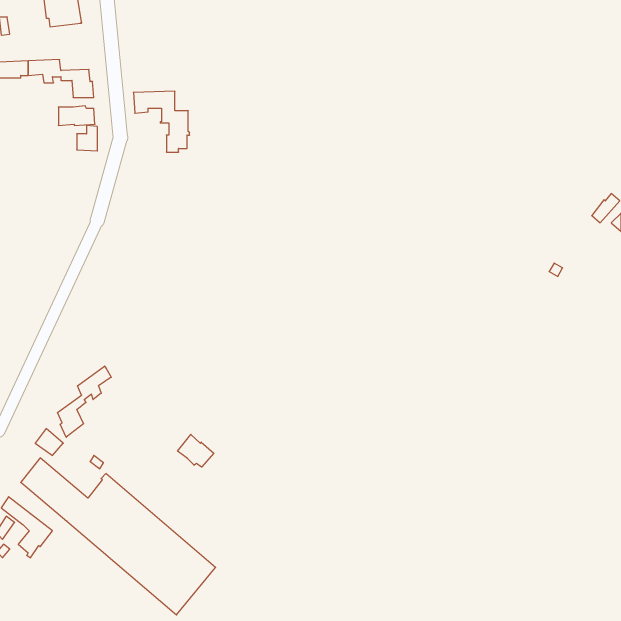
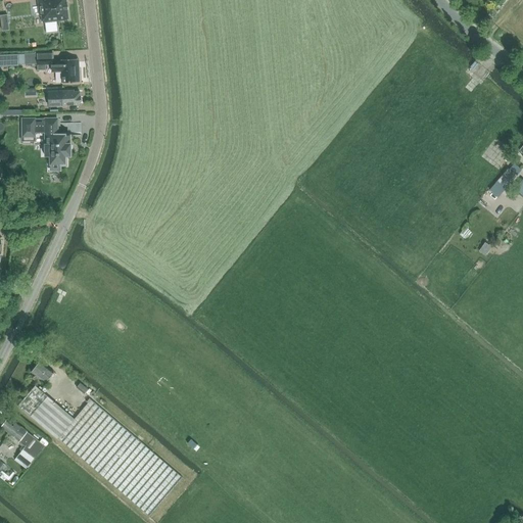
building: [133,91,190,152] -> [21,117,68,169]
building: [58,366,111,437] -> none
building: [178,434,214,467] -> none

